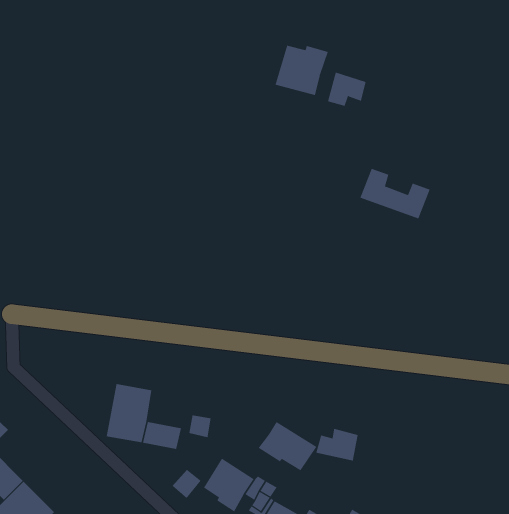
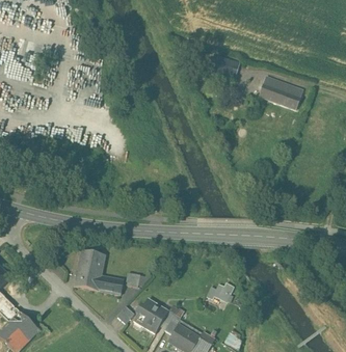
building: [275,45,329,96] -> none
building: [360,168,430,219] -> [259,76,303,108]
building: [258,421,317,471] -> none

